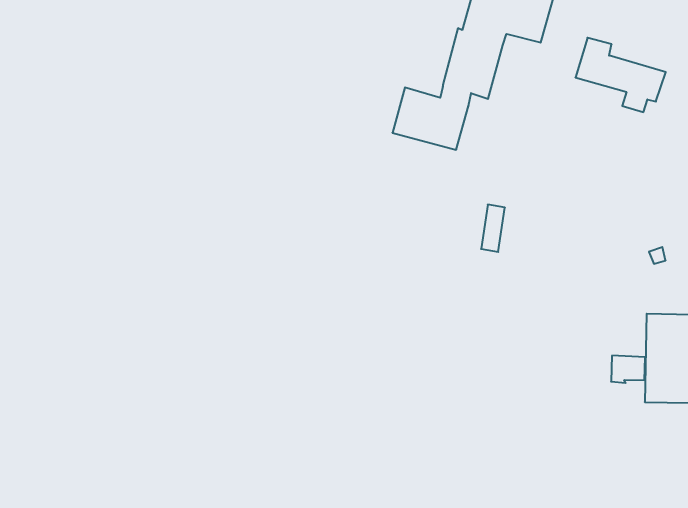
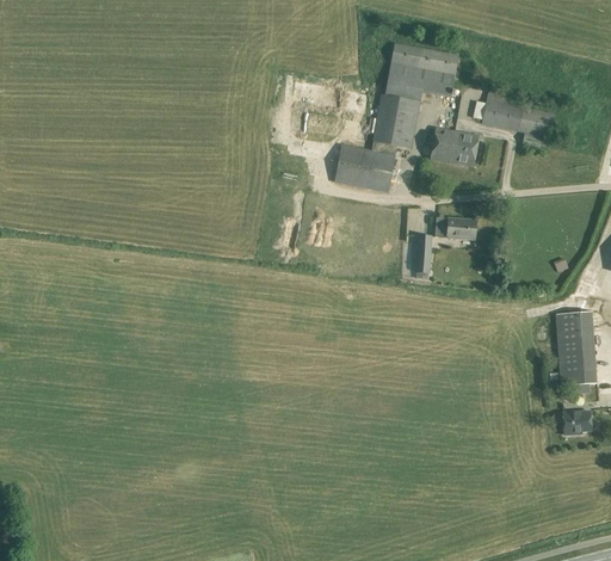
building: none -> [428,127,479,166]
building: none -> [434,216,476,239]
building: [611,356,645,383] -> [563,411,592,433]

